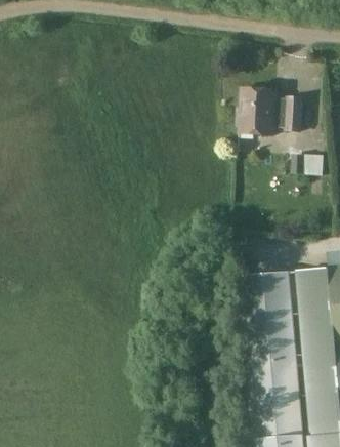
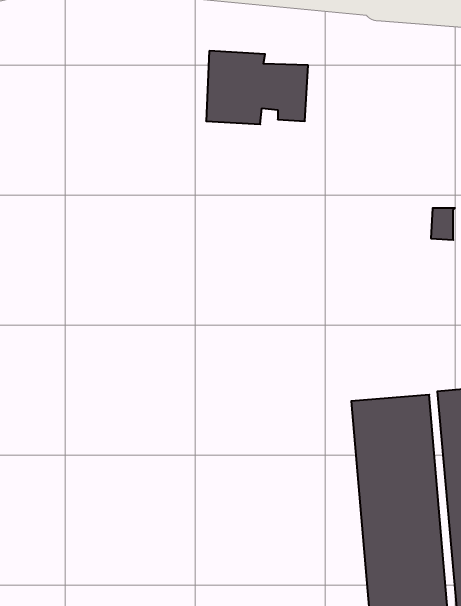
building: [247,88,312,135] -> [206,51,308,124]

